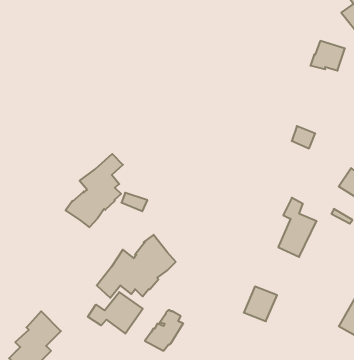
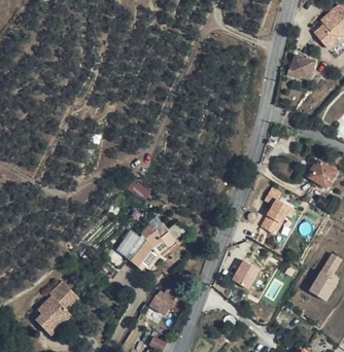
building: [66,154,123,227] -> none
building: [88,292,143,334] -> none

